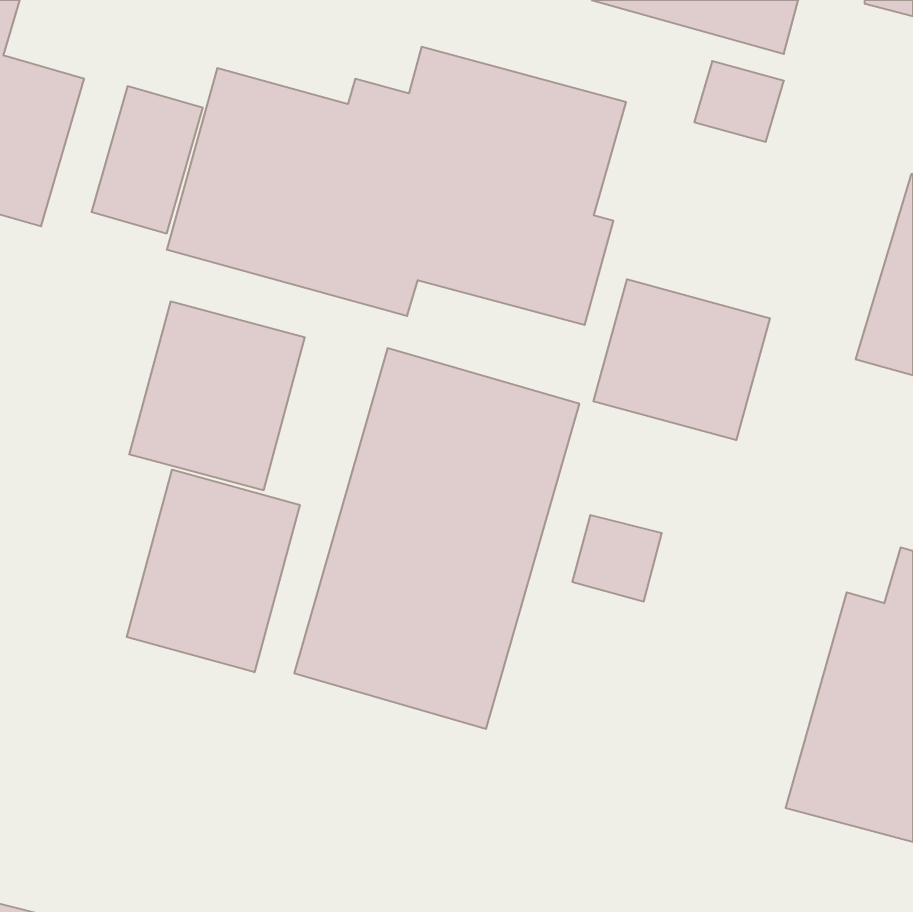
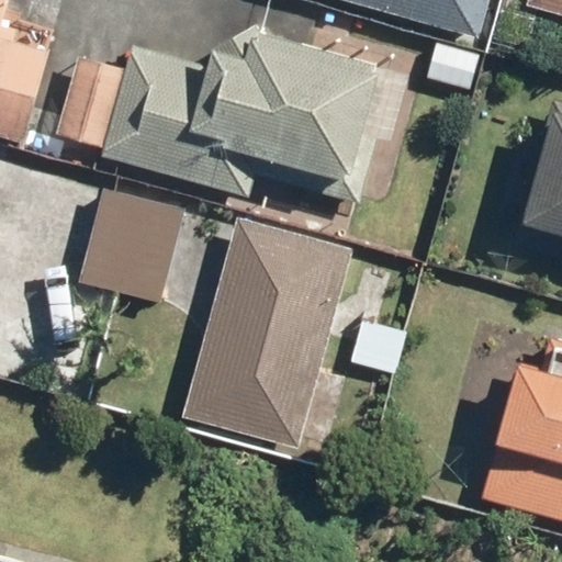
building: [593,279,770,440] -> none
building: [127,470,300,672] -> none

